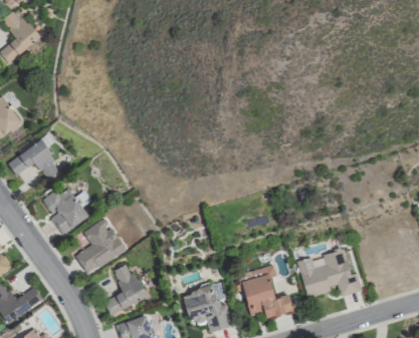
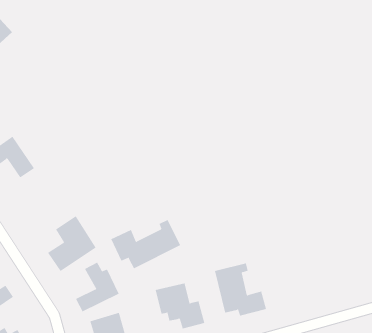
building: [41,189,89,235] -> none
building: none -> [110,219,181,269]
building: [298,250,363,297] -> none

